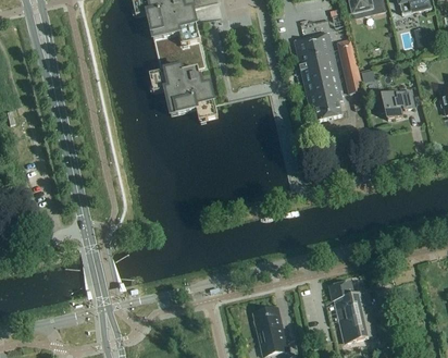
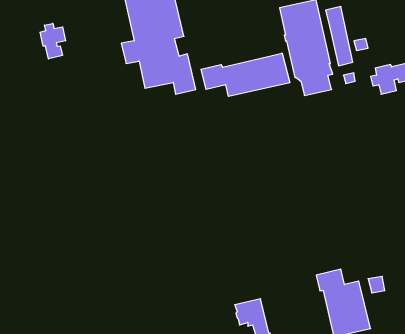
building: none -> [40,23,66,59]
building: none -> [201,53,290,96]

